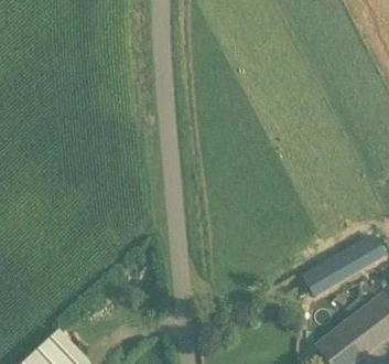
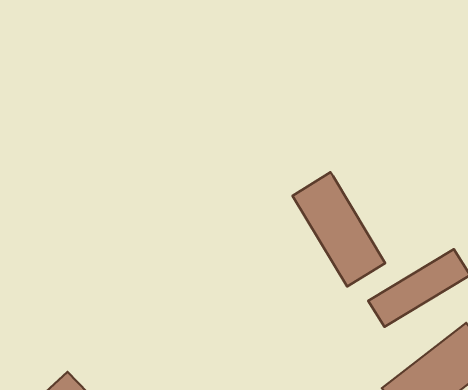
building: none -> [293,172,385,287]

